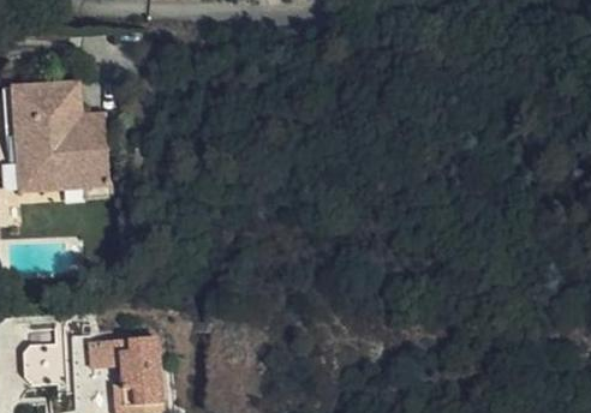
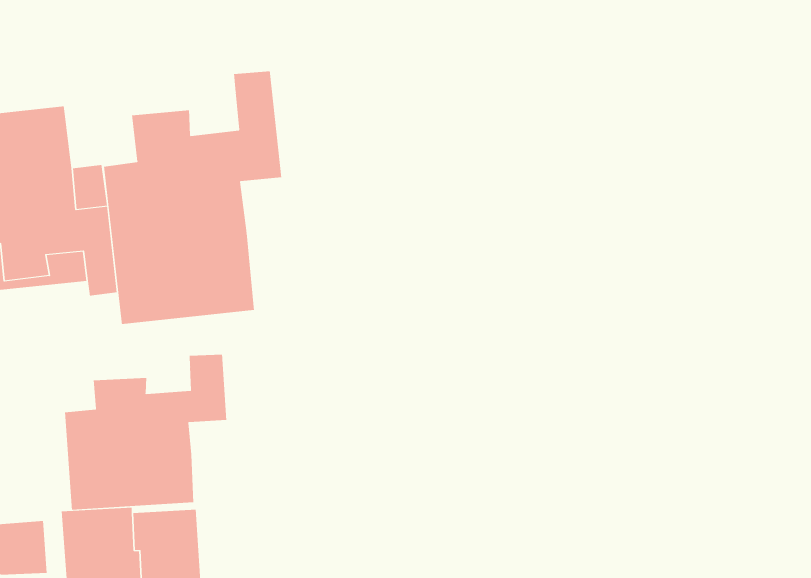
building: none -> [103,70,282,325]
building: none -> [64,354,227,510]

